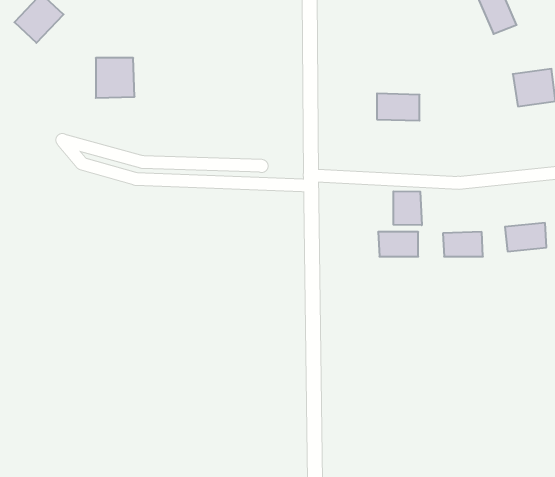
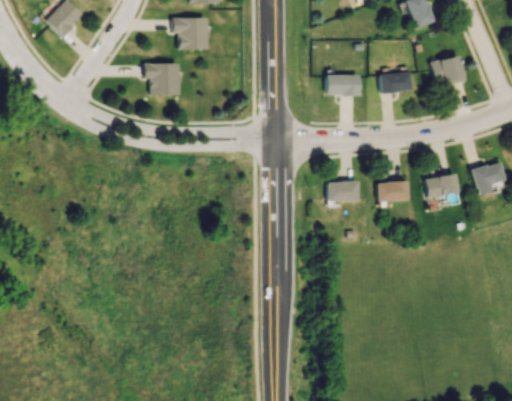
building: none -> [178,17,208,49]
building: [96,58,135,98] -> [150,64,180,95]
building: none -> [381,73,413,93]
building: [393,191,422,225] -> none

